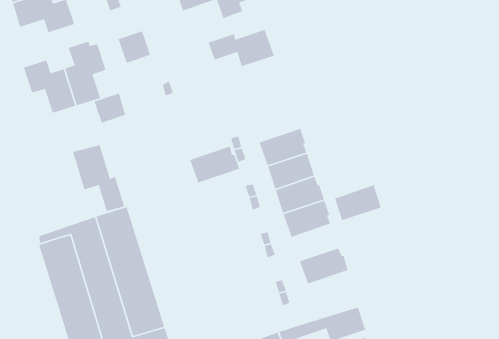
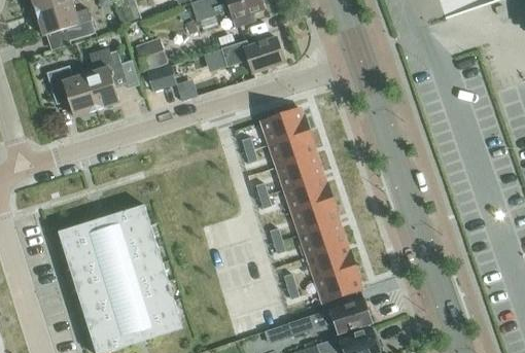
building: [94,92,126,124] -> [145,63,176,93]
building: [72,144,125,212] -> none
building: [189,145,240,183] -> [260,108,309,144]
building: [334,184,382,221] -> [300,221,345,256]
building: none -> [315,266,360,303]

